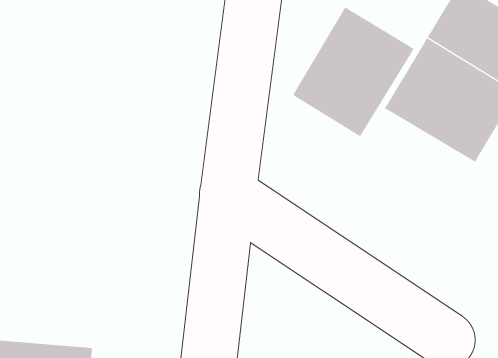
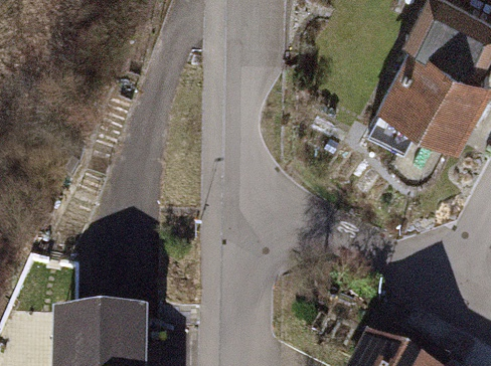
building: [292,6,415,137] -> none

